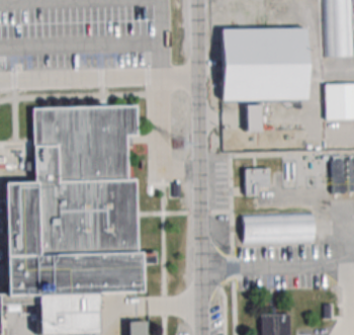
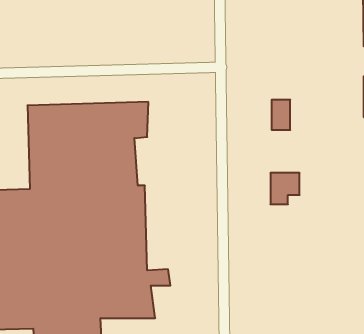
building: [222,28,306,98] -> none
building: [243,213,315,242] -> none

